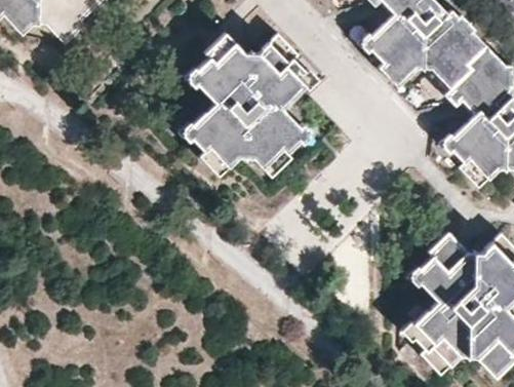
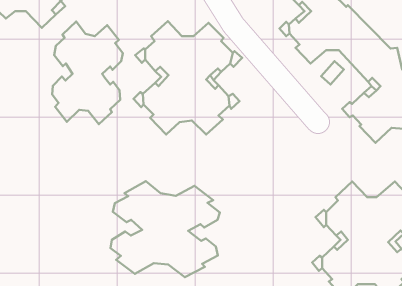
building: none -> [52,21,123,124]
building: none -> [111,181,220,277]

